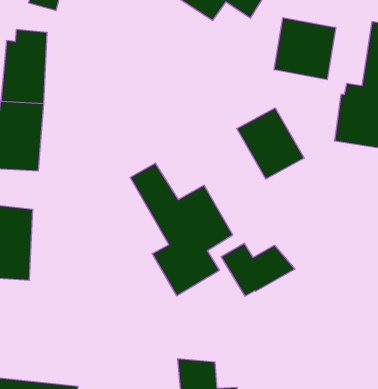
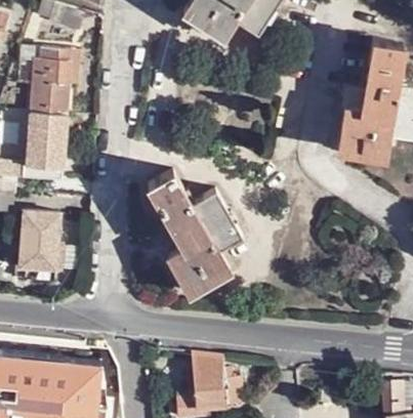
building: [274,18,336,80] -> none
building: [237,108,304,179] -> none
building: [221,243,295,296] -> none

